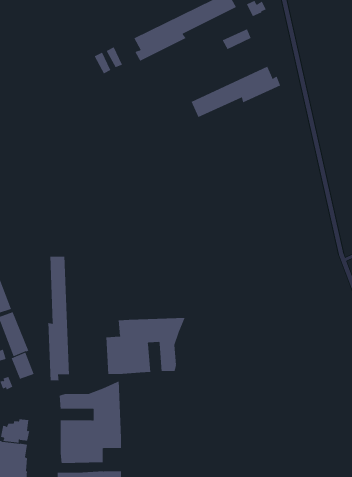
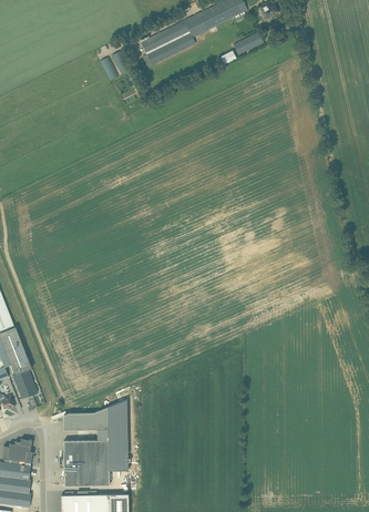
building: [191,66,281,118] -> none
building: [48,256,70,381] -> none
building: [106,317,185,375] -> none

